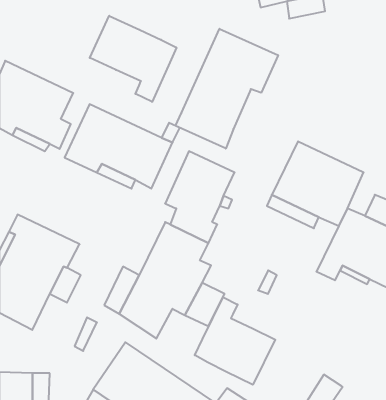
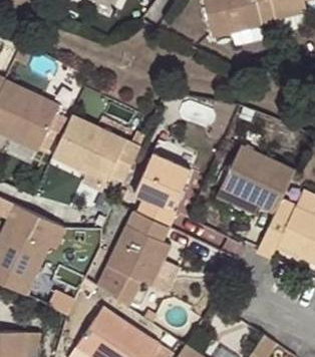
building: [90,16,176,102] -> none
building: [176,29,278,149] -> none
building: [195,297,275,385] -> none

